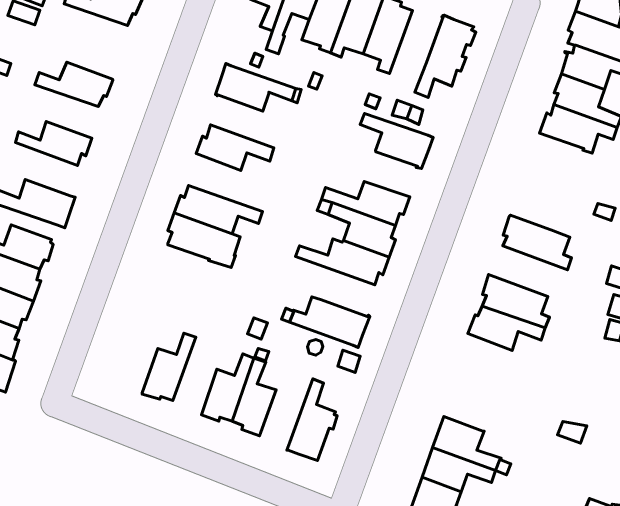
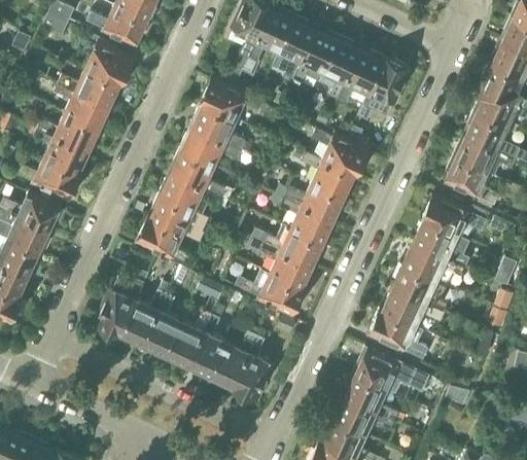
building: none -> [339,50,385,103]
building: none -> [74,36,134,85]
building: none -> [54,82,106,129]
building: none -> [194,103,246,149]
building: none -> [445,156,498,209]
building: none -> [293,147,354,198]
building: none -> [30,125,85,173]
building: none -> [172,148,233,199]
building: none -> [421,194,486,235]
building: none -> [136,215,198,267]
building: none -> [402,243,465,286]
building: none -> [247,237,312,289]
building: none -> [95,271,147,335]
building: none -> [372,309,427,357]
building: none -> [144,293,181,355]
building: none -> [210,330,256,383]
building: none -> [357,350,430,389]

